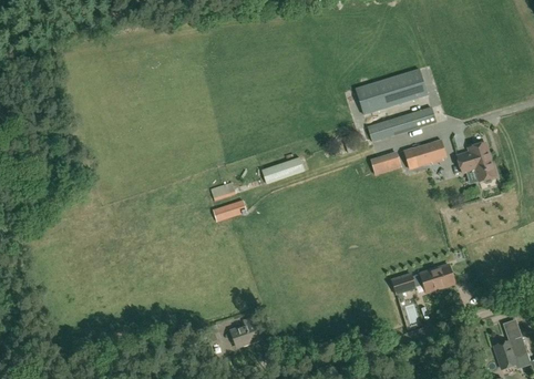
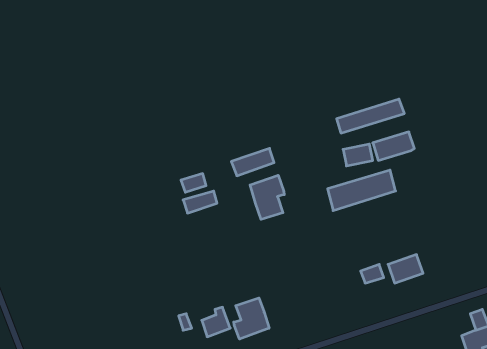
building: [357,69,425,110] -> [328,170,396,211]
building: [456,142,496,181] -> none
building: none -> [250,175,284,219]
building: none -> [234,298,269,339]

